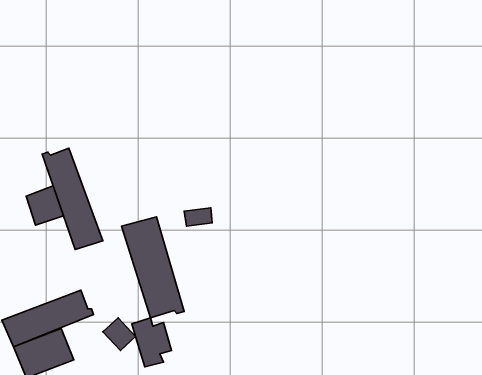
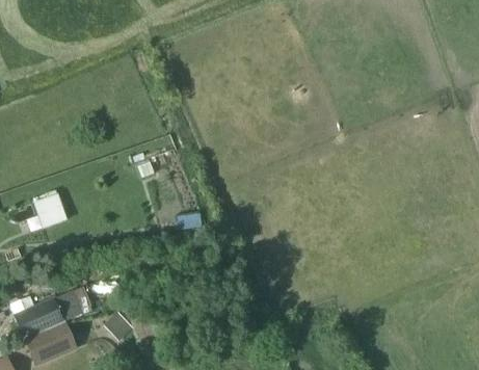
building: [42,148,103,250] -> none
building: [122,217,184,318] -> none

